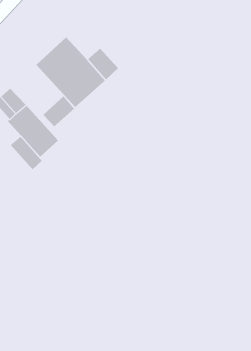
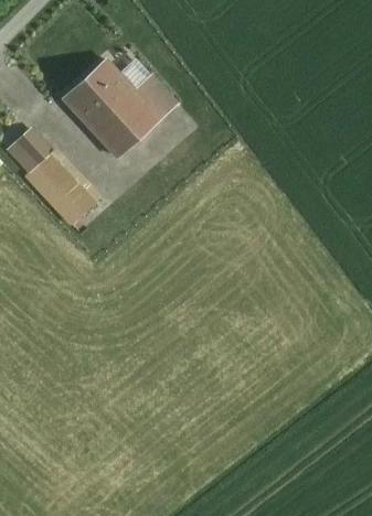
building: [43,96,75,127] -> none
building: [10,136,43,170] -> none

